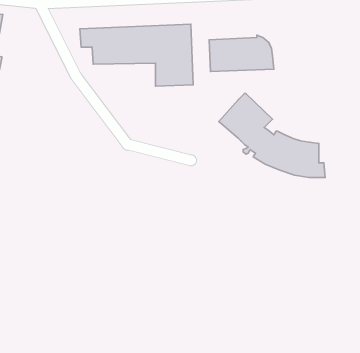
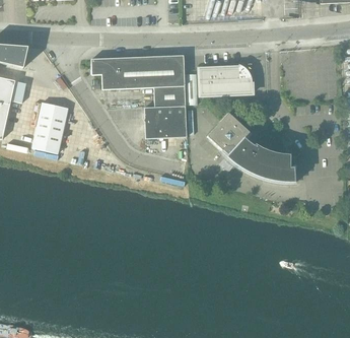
building: none -> [32,102,68,153]
building: none -> [144,106,187,138]

